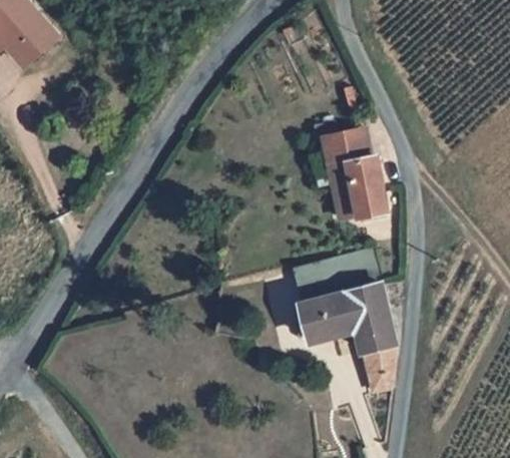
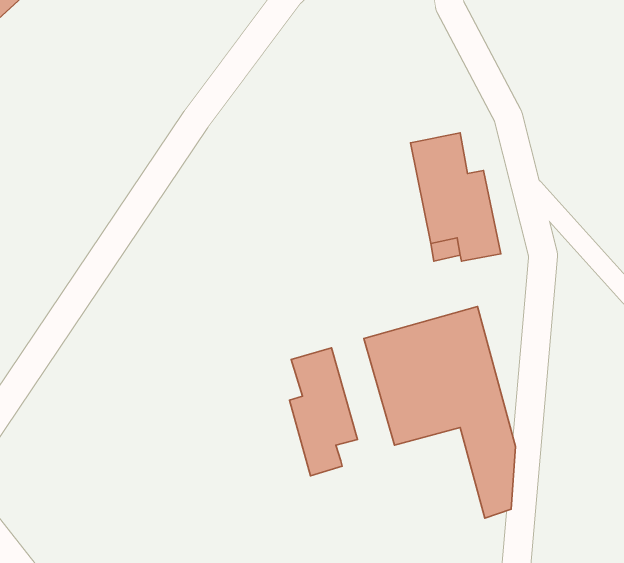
building: none -> [289,348,358,476]

